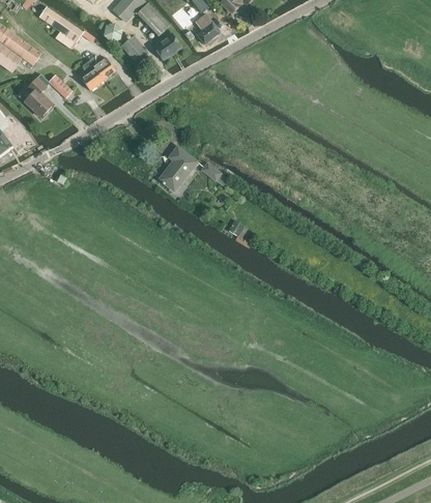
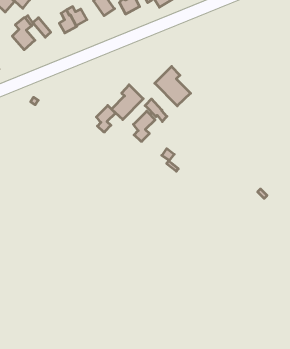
building: none -> [155,66,191,106]
building: none -> [96,105,115,132]
building: none -> [133,111,155,141]

